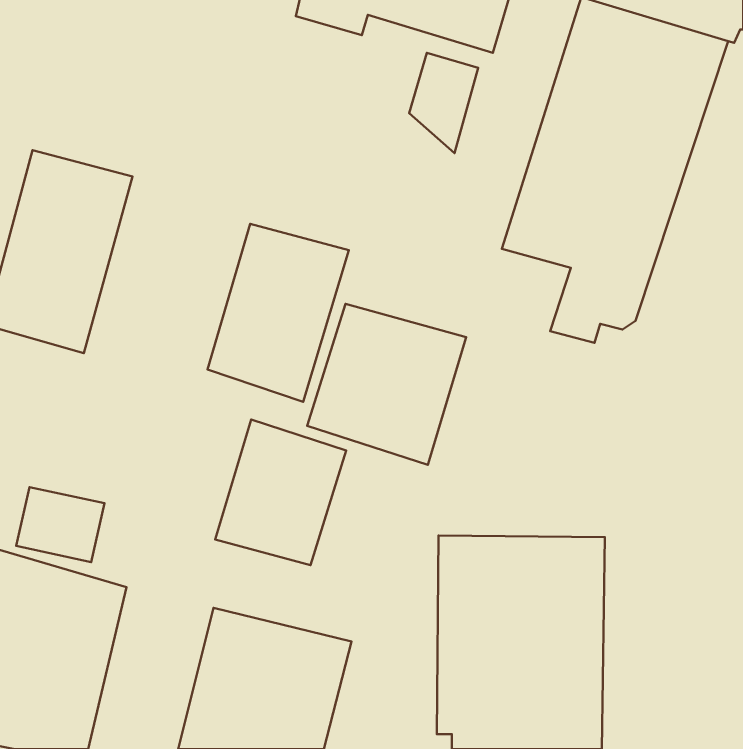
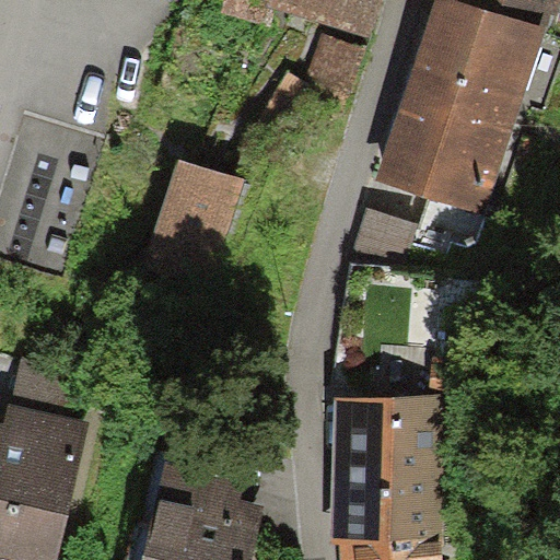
building: [307,304,466,465] -> none
building: [215,420,346,565] -> none

